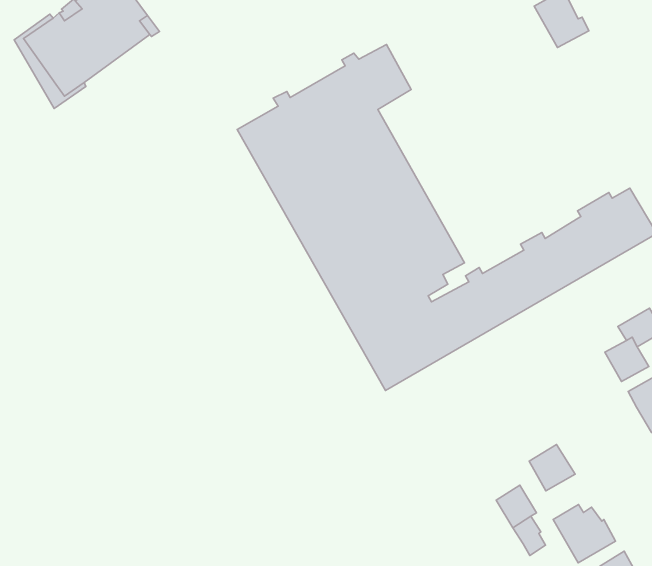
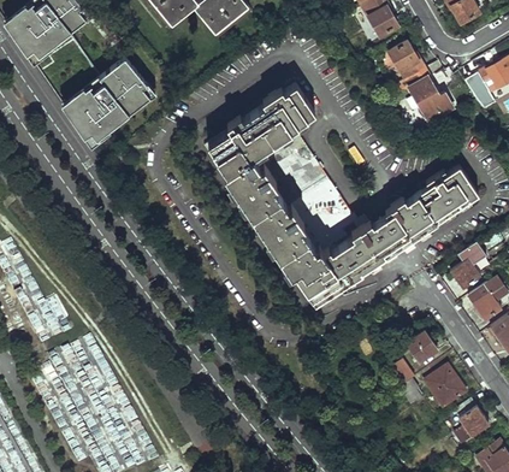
building: none -> [397,67,454,122]

